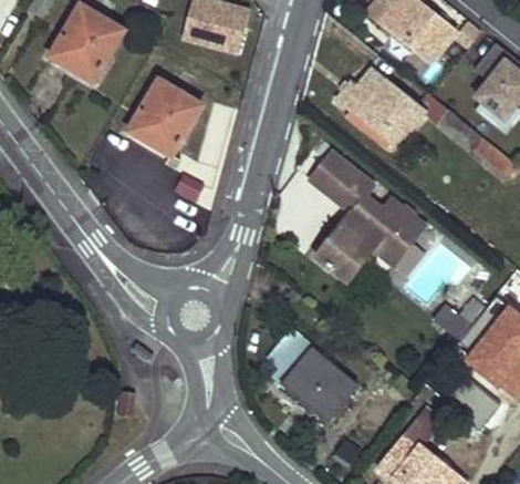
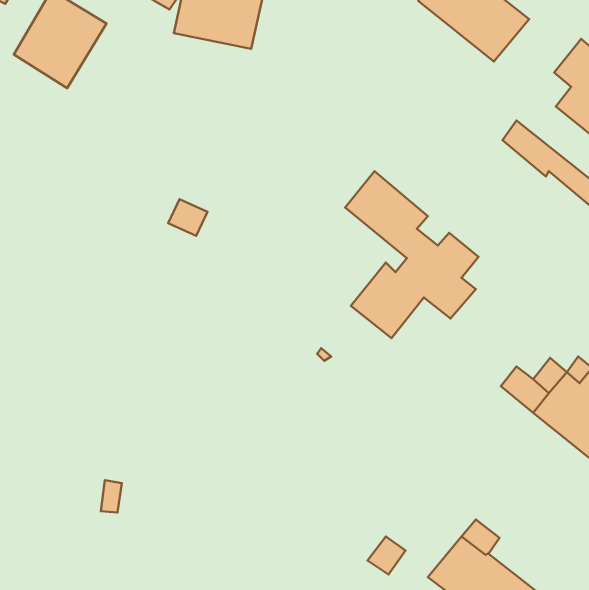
building: [339,69,425,144] -> none
building: [128,81,200,156] -> none
building: [268,330,357,422] -> none

